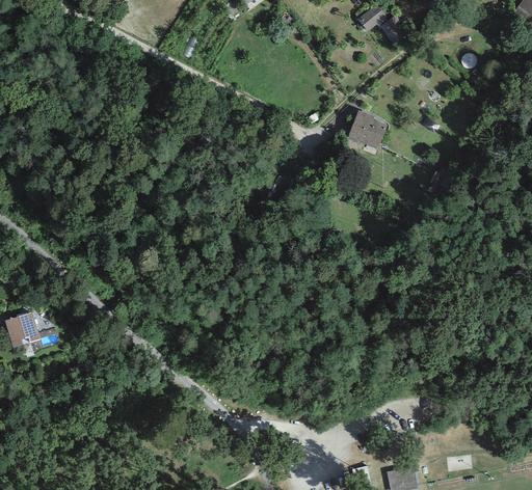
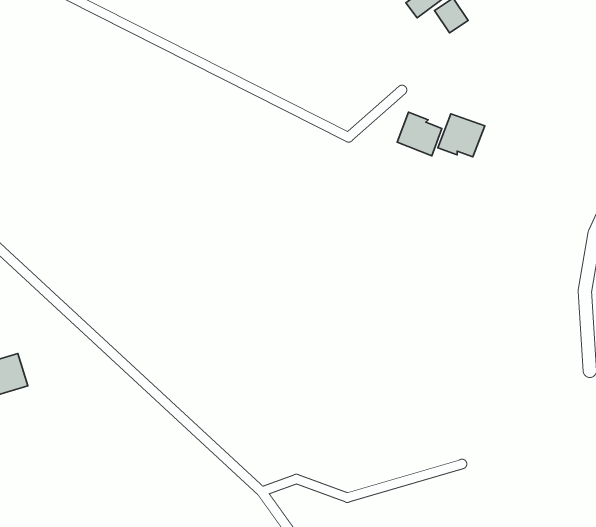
building: none -> [438,114,485,157]

